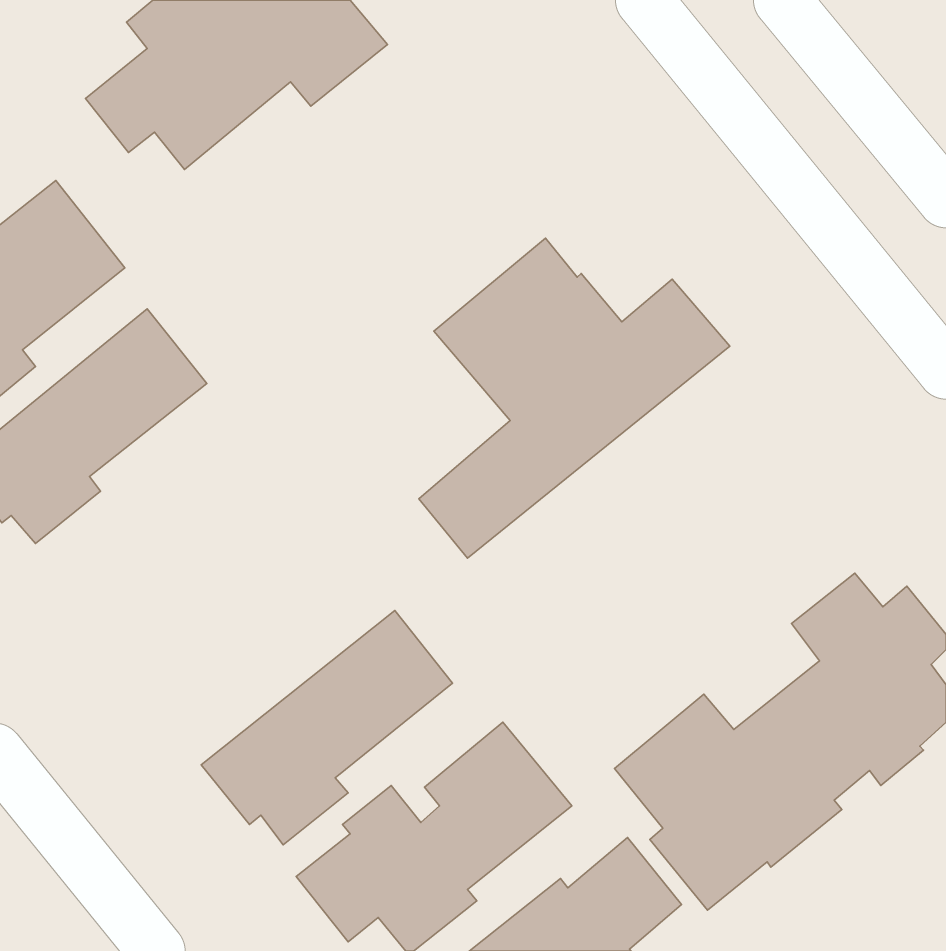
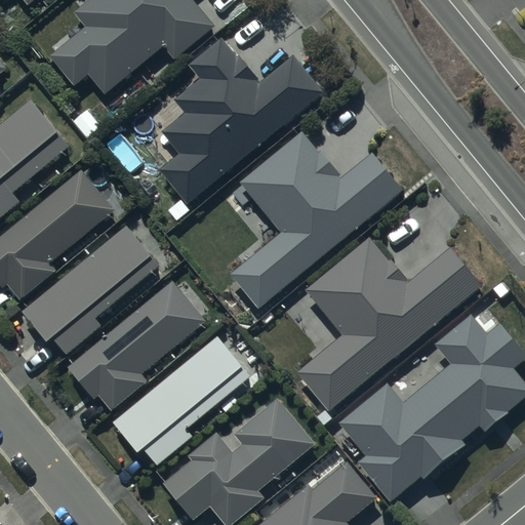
building: none -> [159,40,322,204]
building: none -> [22,226,159,354]
building: none -> [295,238,482,411]
building: none -> [67,280,205,411]

